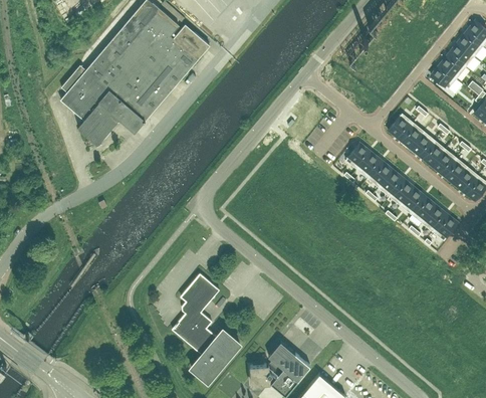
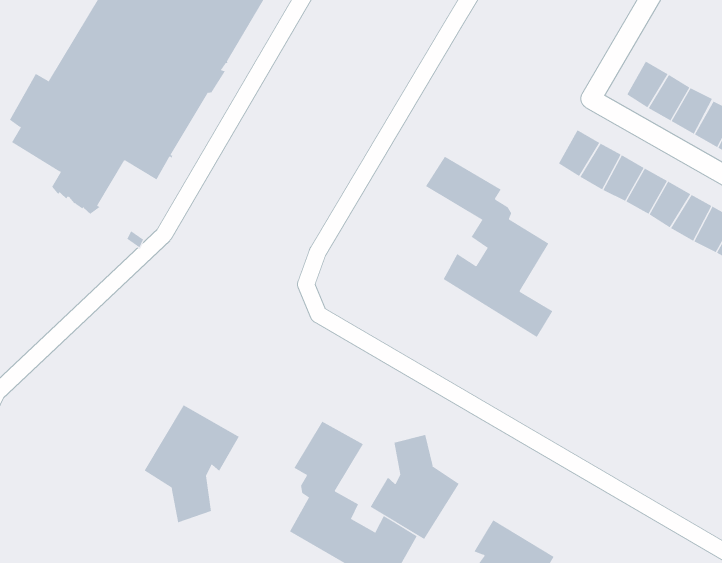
building: none -> [425,156,553,338]
building: none -> [144,404,239,523]
building: none -> [370,434,460,540]

